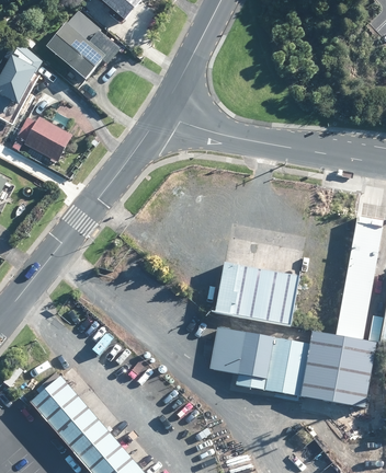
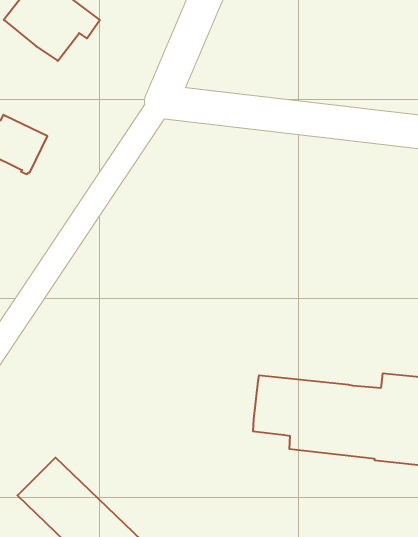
building: [214,263,298,326] -> none

